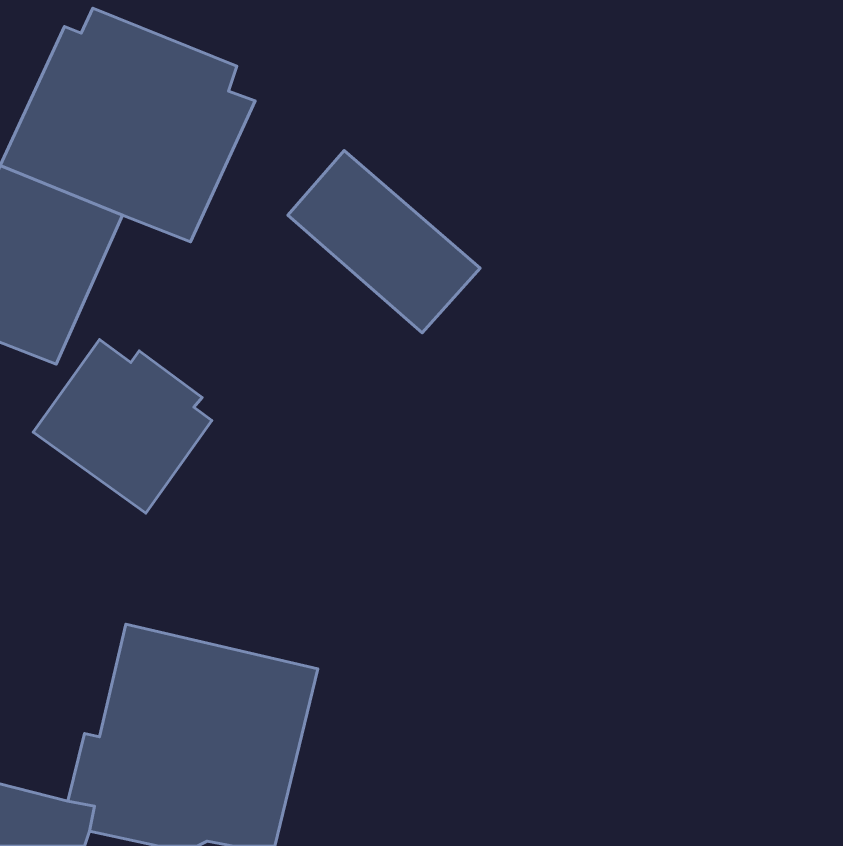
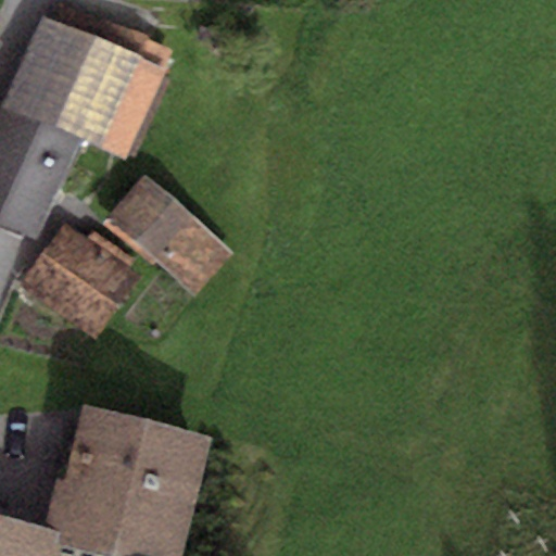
building: [288,151,480,333] -> [105,177,231,296]

